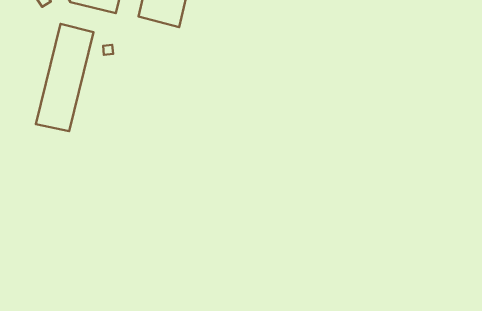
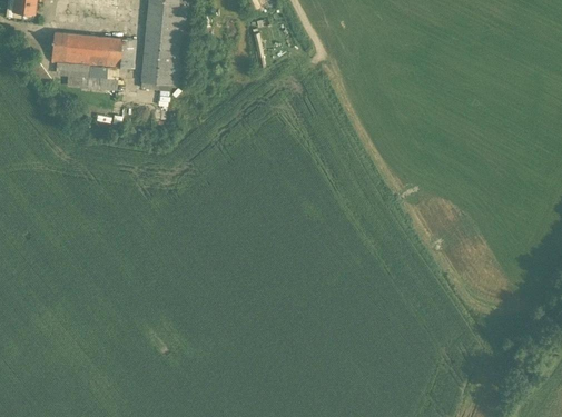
building: [36,24,94,131] -> none

